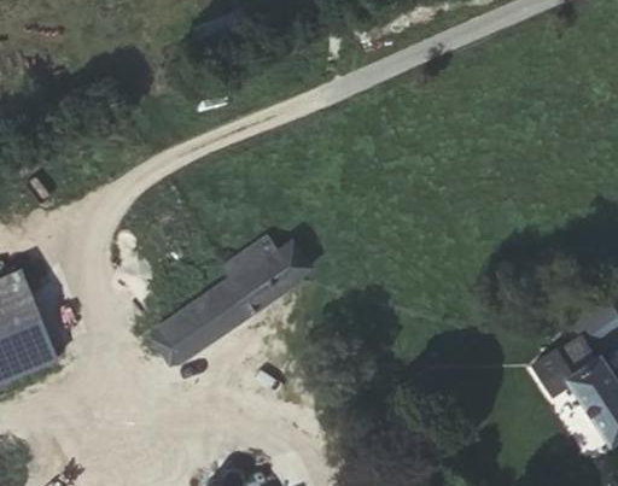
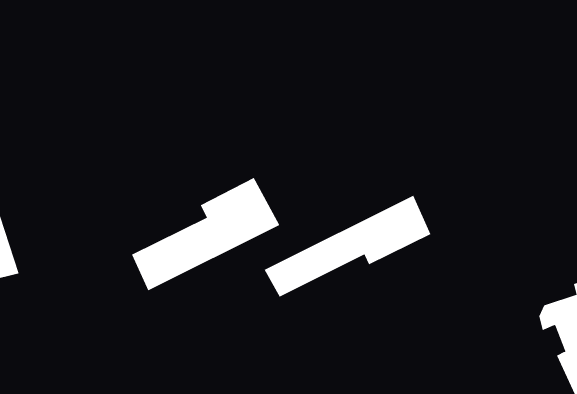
building: none -> [264,195,431,298]

